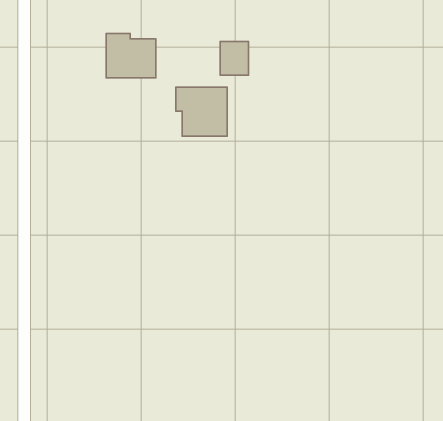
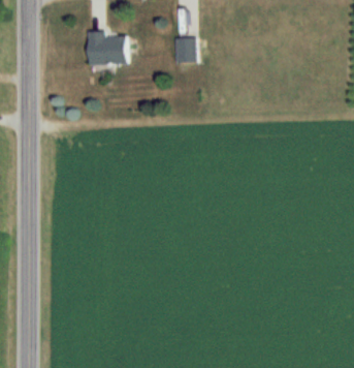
building: [176,87,227,136] -> none

